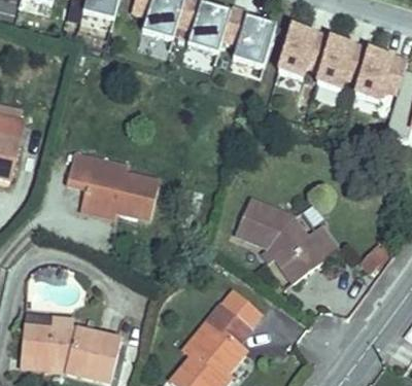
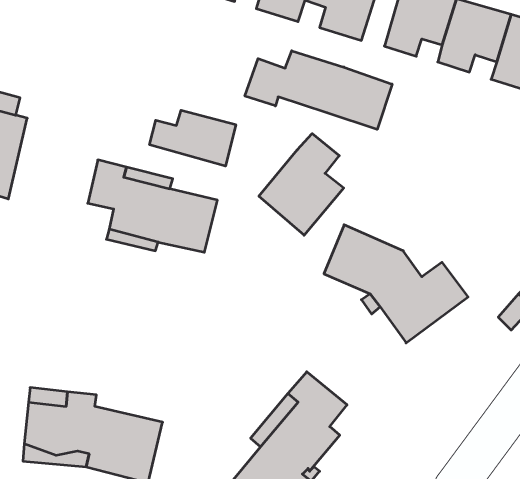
building: none -> [245,51,392,129]
building: none -> [150,110,236,166]
building: none -> [259,134,344,235]

